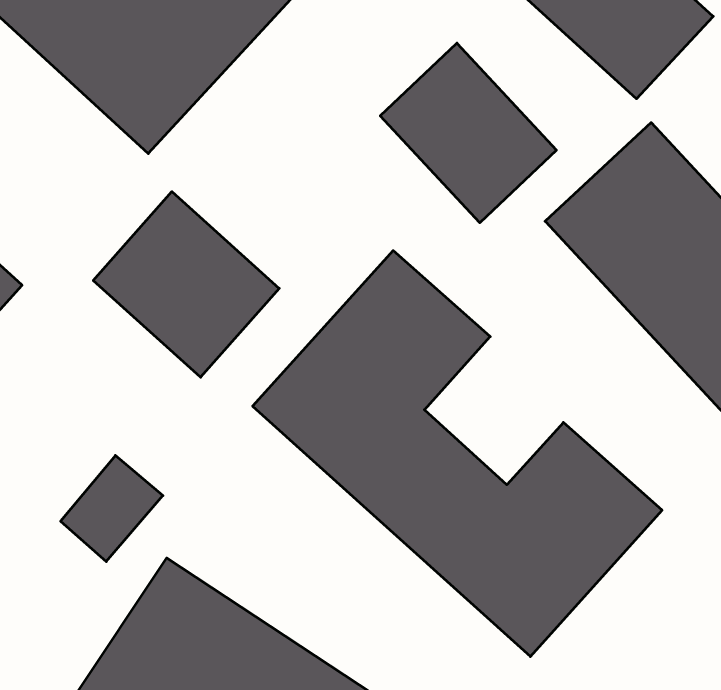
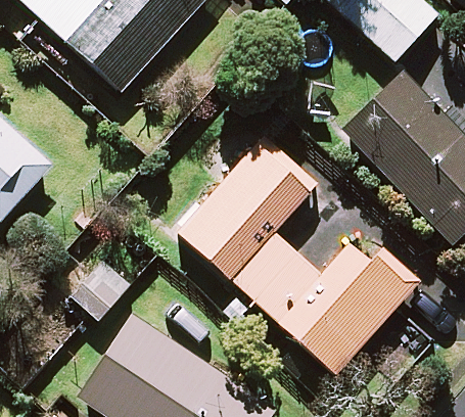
building: [380,43,556,223] -> none
building: [93,192,279,377] -> none

